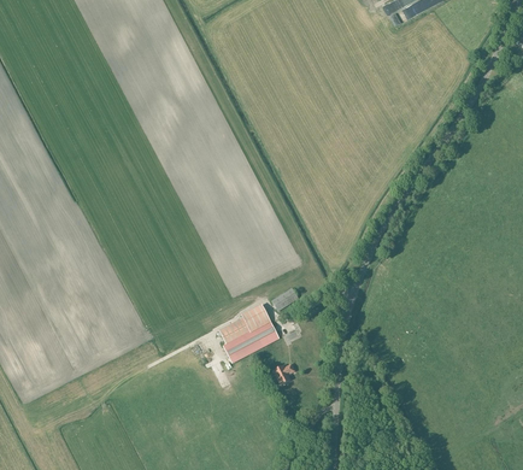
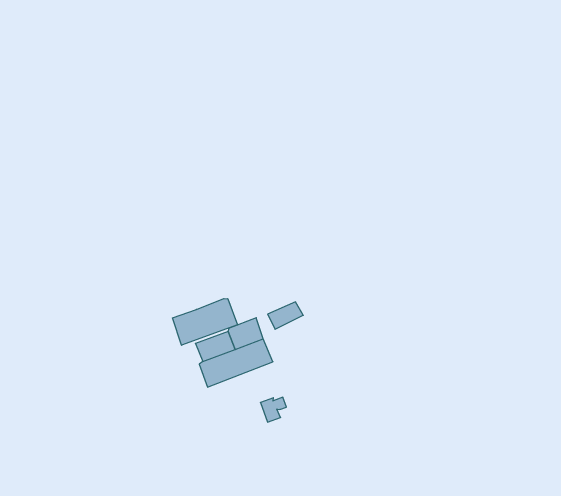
building: none -> [172,299,238,345]

